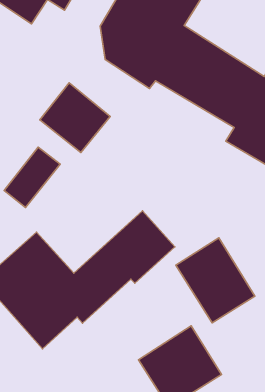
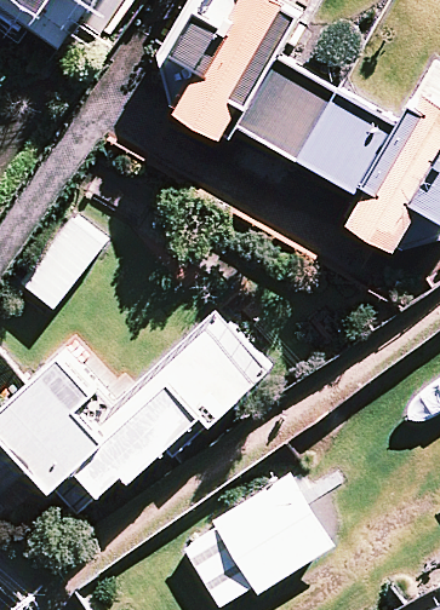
building: [40,83,110,152] -> none
building: [176,238,255,323] -> none

